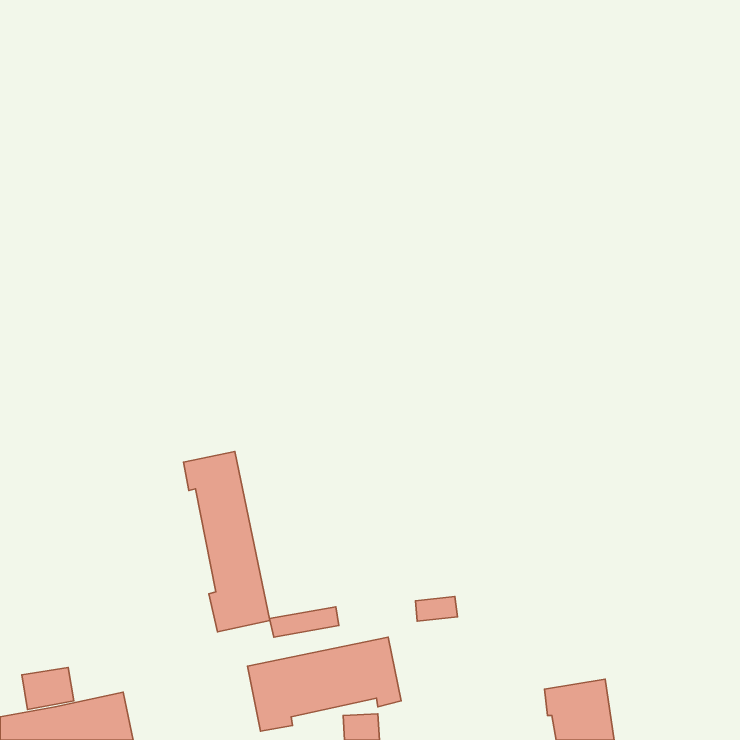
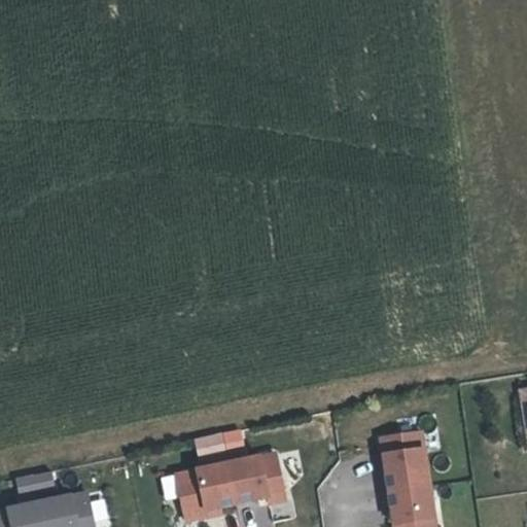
building: [184,452,270,632] -> none
building: none -> [382,430,430,490]

